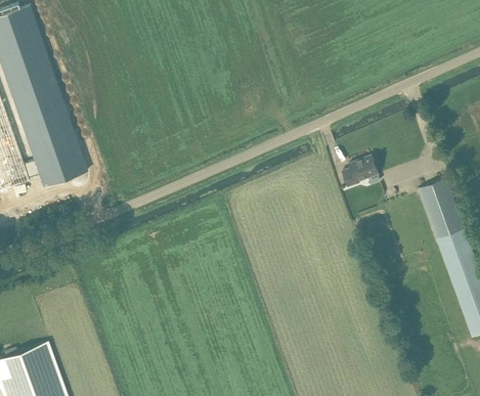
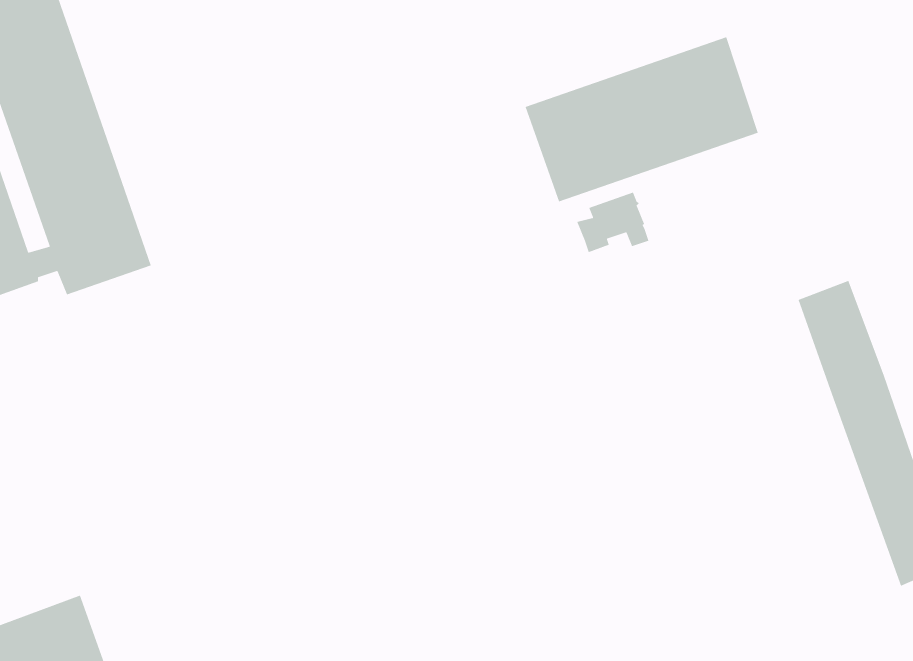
building: none -> [524,36,759,202]
building: [343,156,381,187] -> [576,192,649,253]

